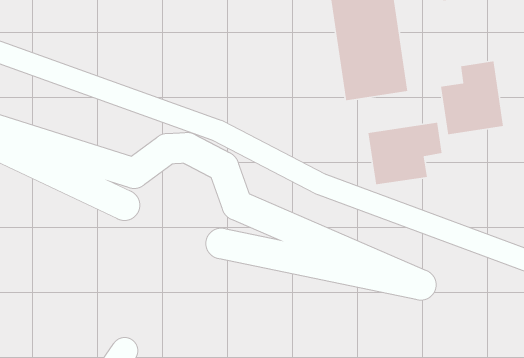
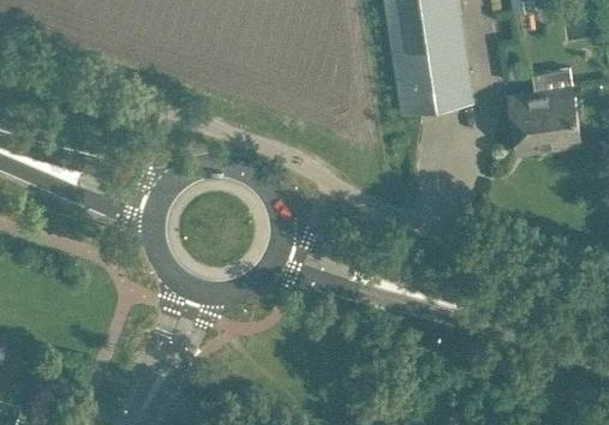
building: [368,122,442,185] -> none

